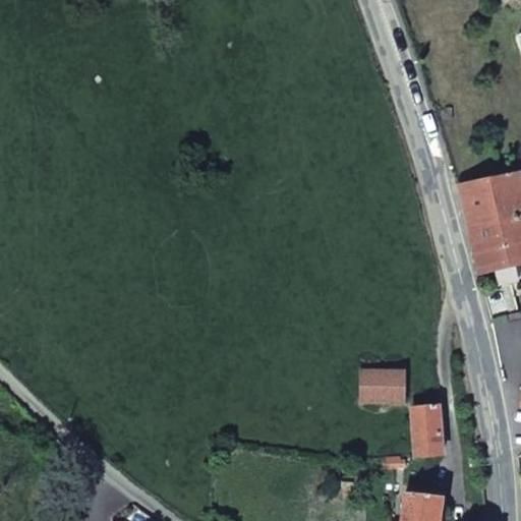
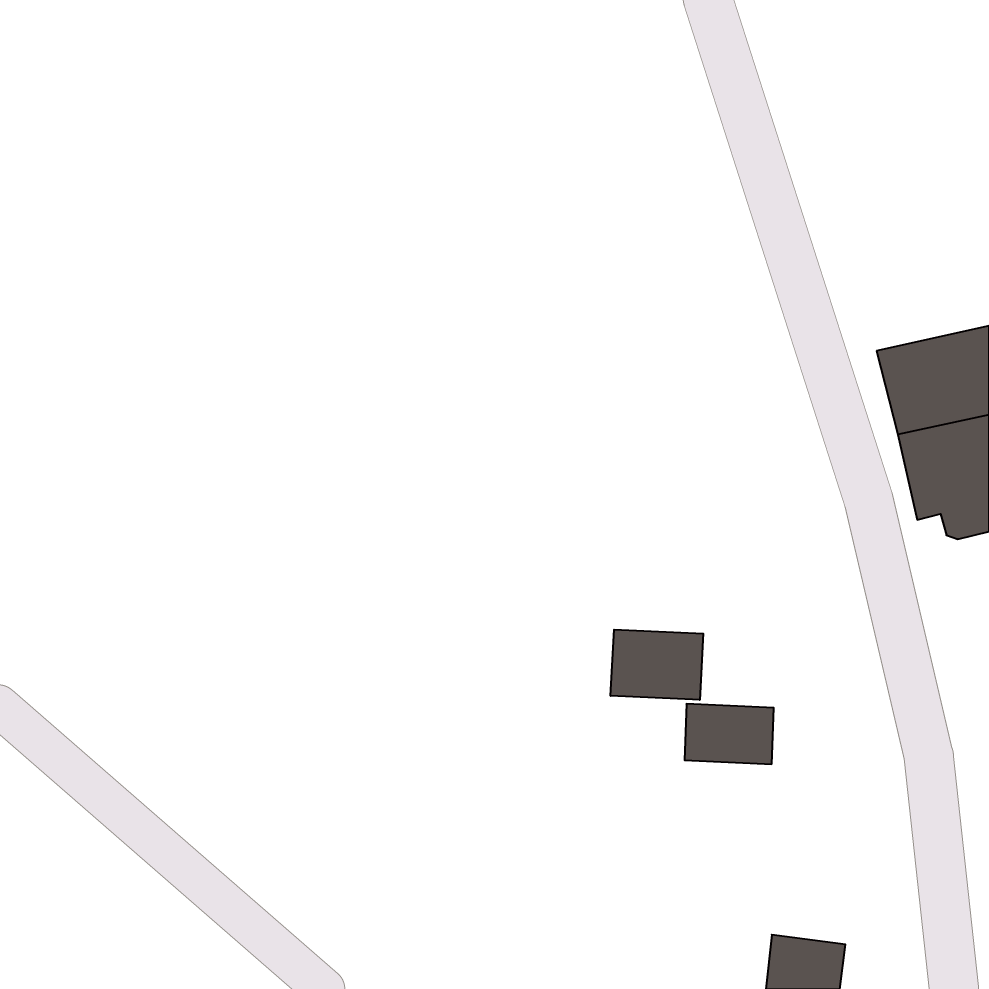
building: none -> [611,630,703,700]
building: [410,402,444,456] -> none

